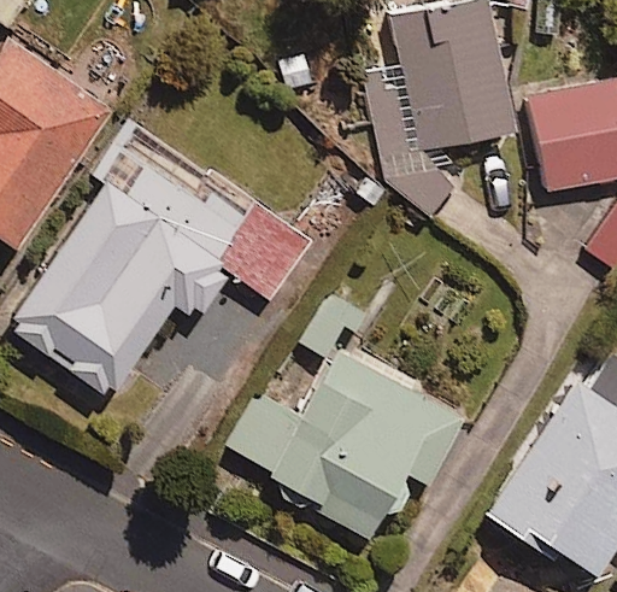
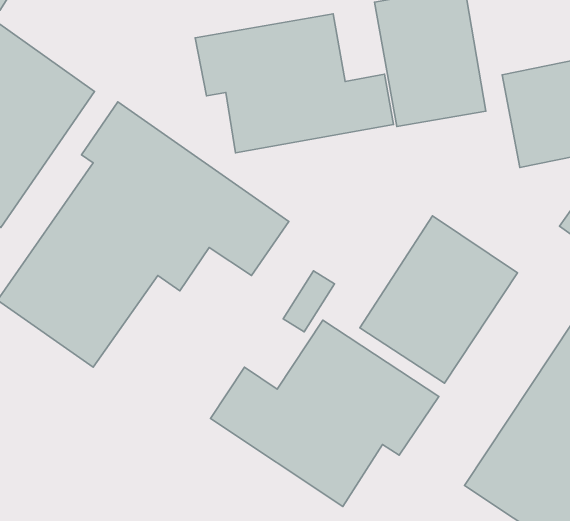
building: none -> [195,14,393,153]
building: none -> [360,216,518,383]

